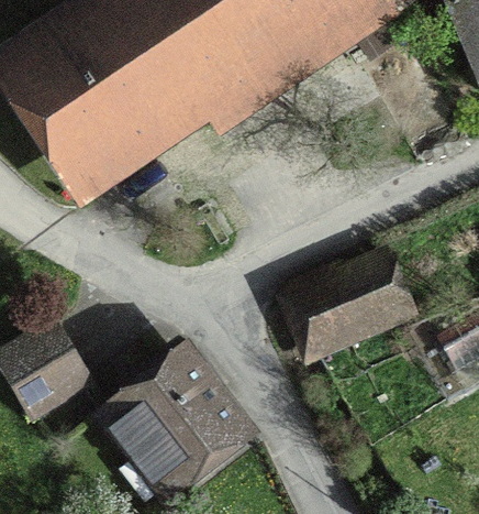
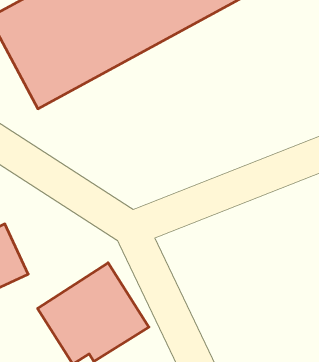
building: [288,270,399,352] -> none

